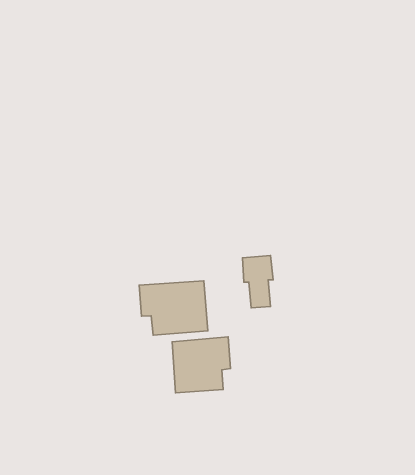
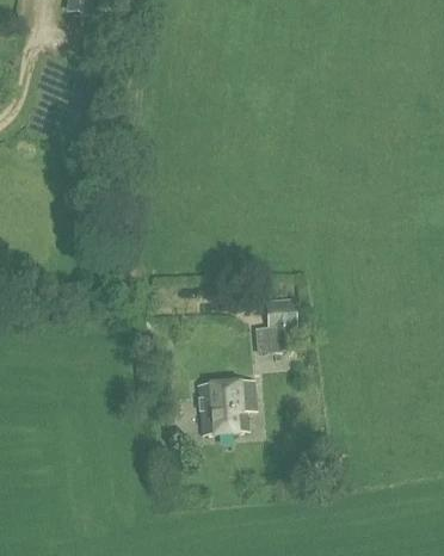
building: [139,281,208,335] -> none

